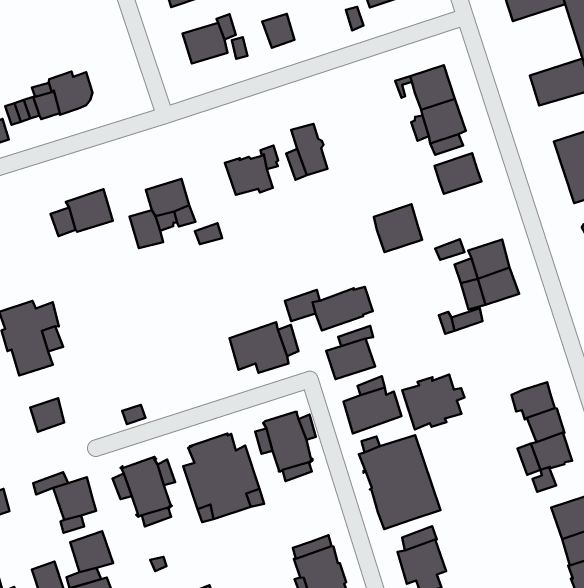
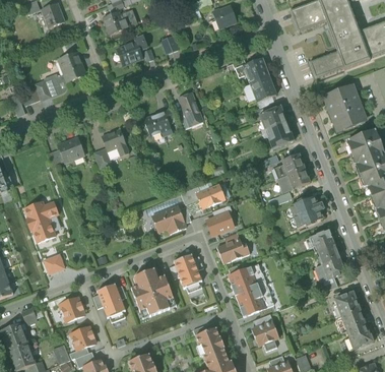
building: none -> [59,52,85,81]
building: [374,204,422,252] -> [266,121,294,148]
building: [402,374,464,430] -> [290,196,324,228]

